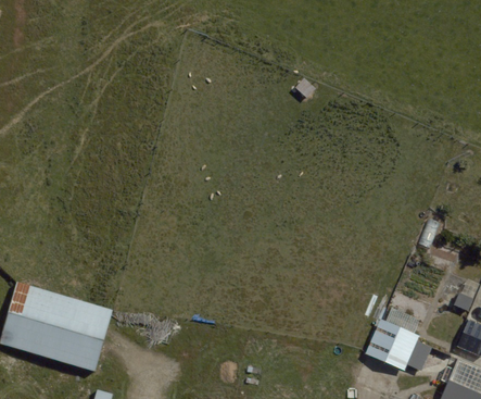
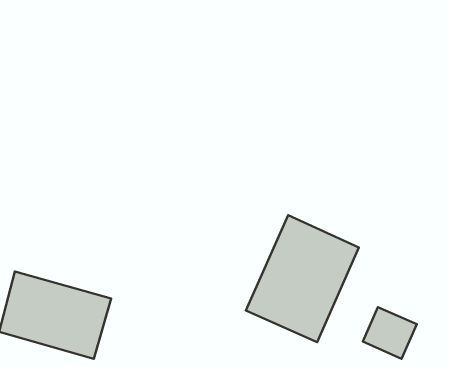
building: none -> [246,215,359,342]

